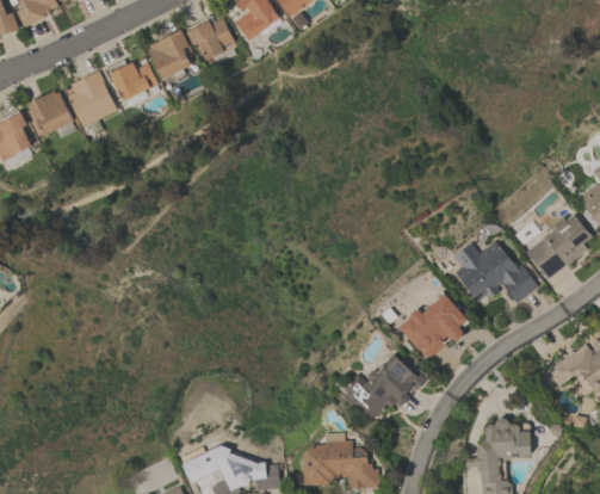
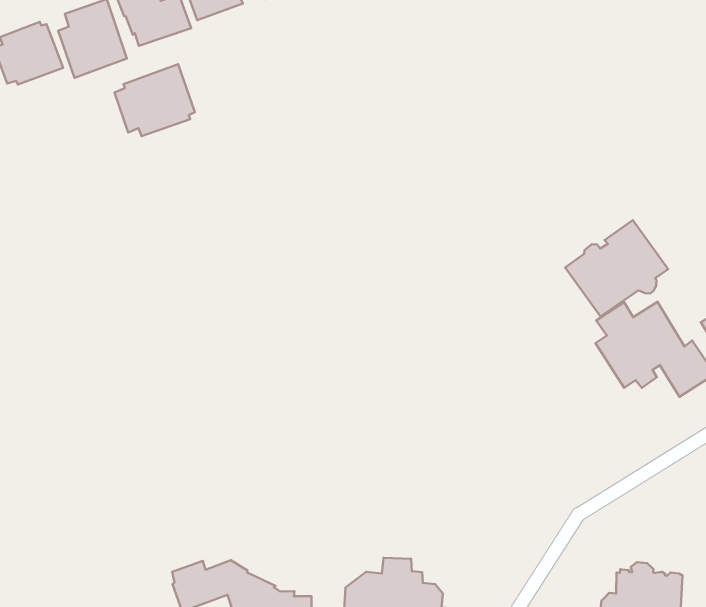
building: none -> [114,64,195,136]
building: [398,291,469,359] -> [565,220,668,317]
building: [341,354,426,419] -> none

